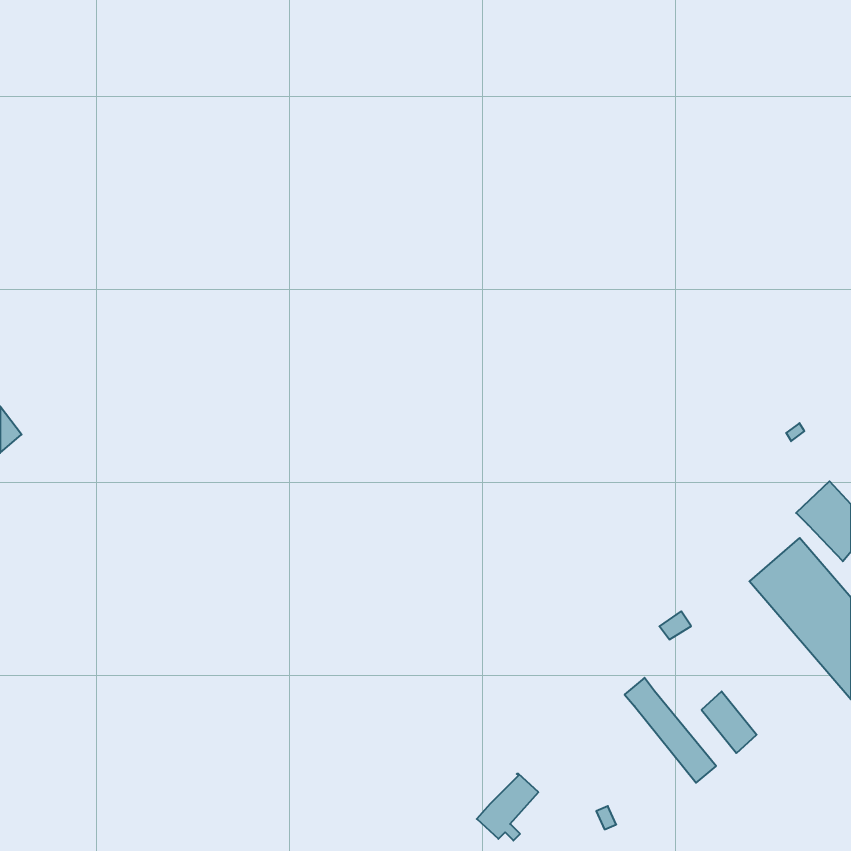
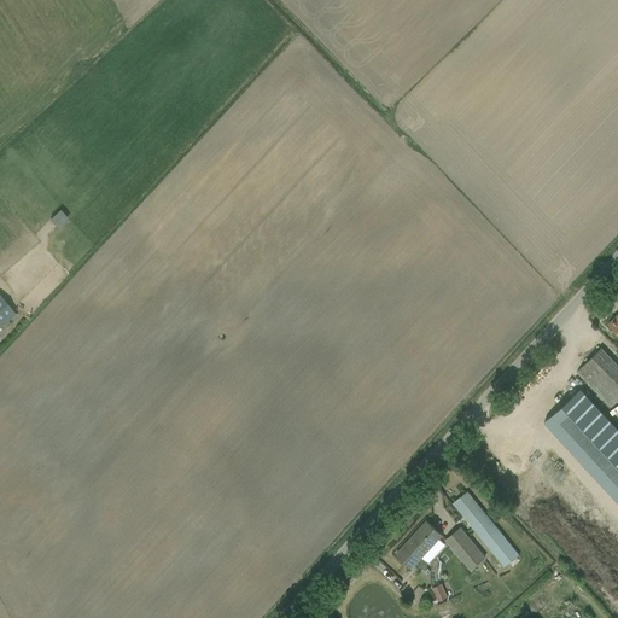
building: [702,691,757,753] -> [445,526,485,571]
building: [477,774,538,841] -> [396,521,441,570]

